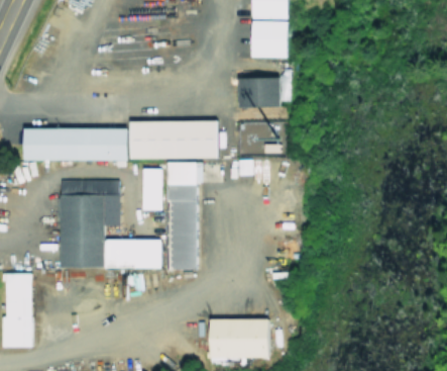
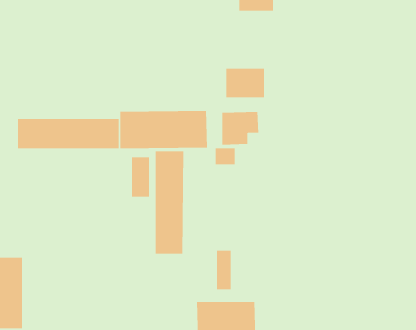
building: [253,21,289,58] -> none
building: [59,180,162,267] -> none
building: none -> [217,250,231,290]

